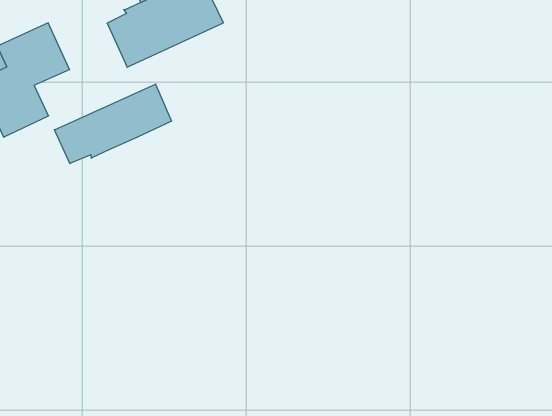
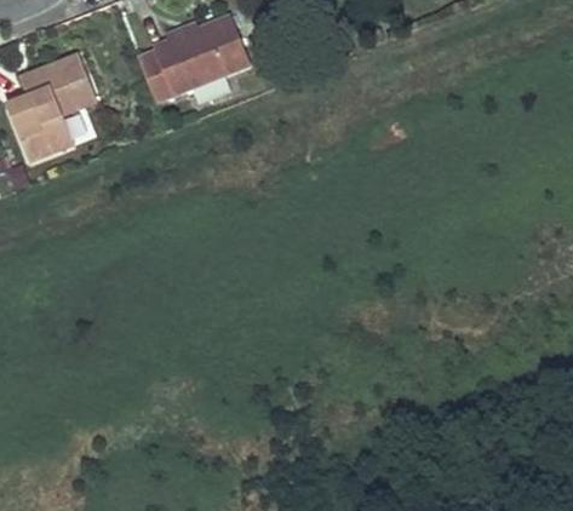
building: [54,84,171,164] -> none

